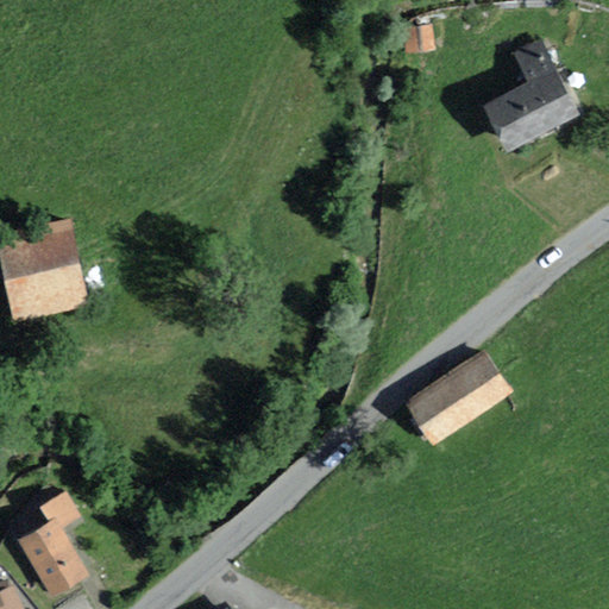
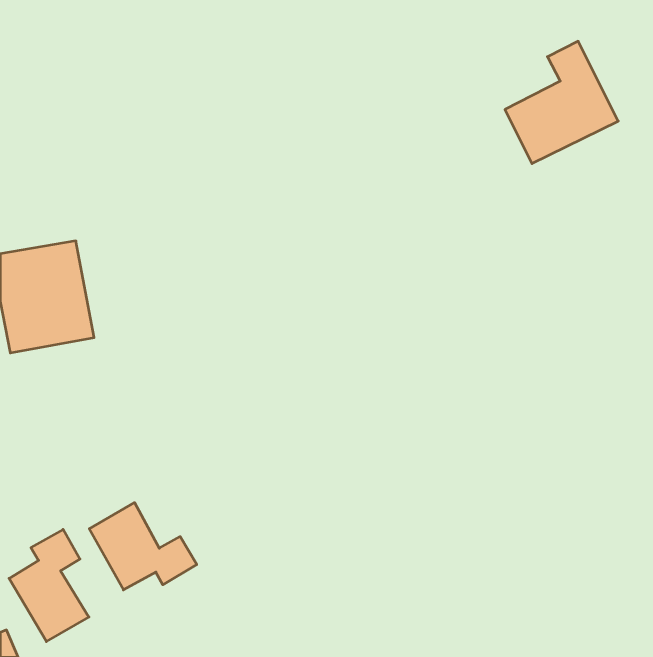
building: [406,353,510,446] -> none
building: none -> [89,503,197,590]

